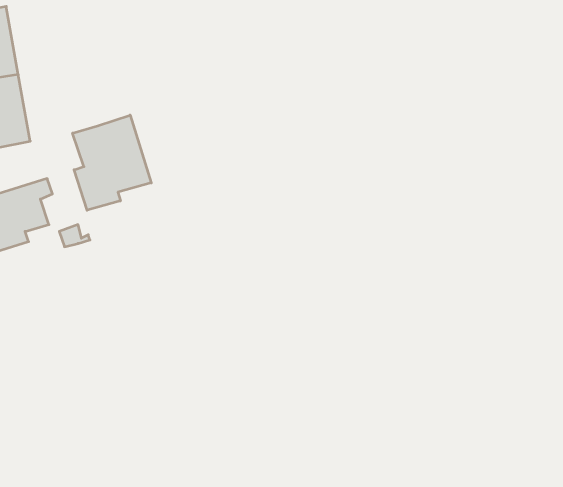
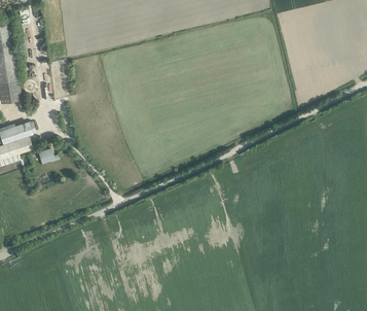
building: [73,115,151,210] -> none

